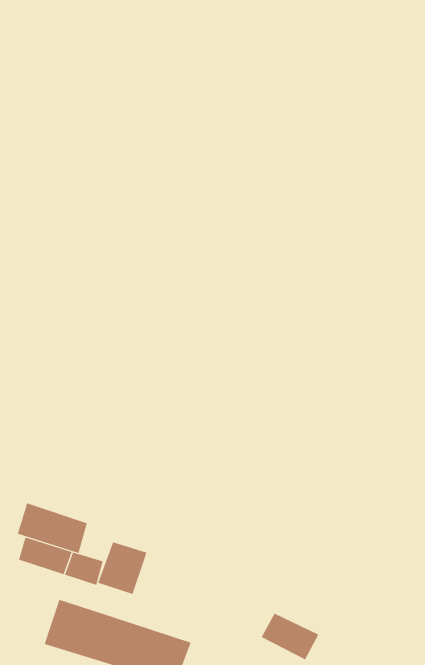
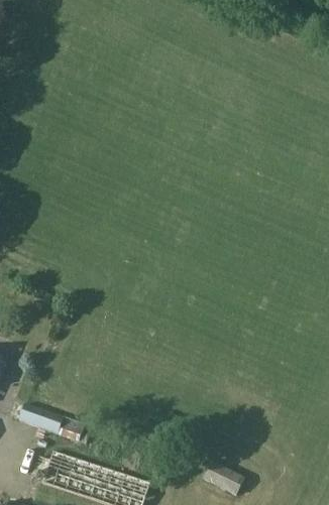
building: [17,502,87,554] -> none
building: [97,542,147,595] -> none

